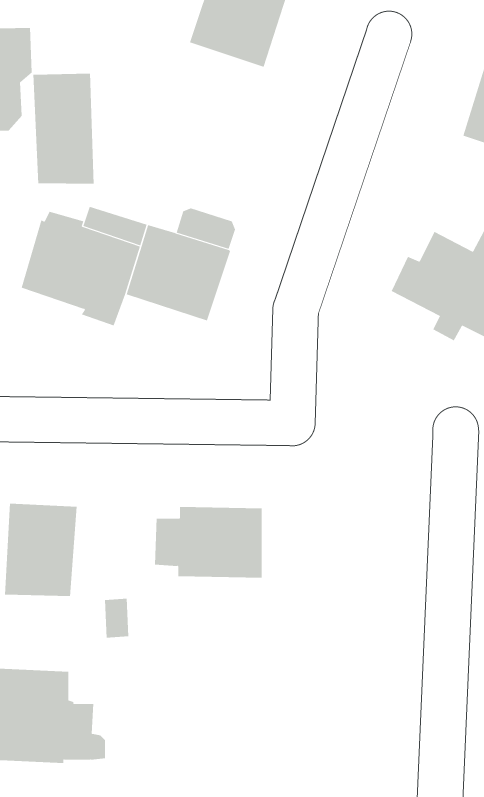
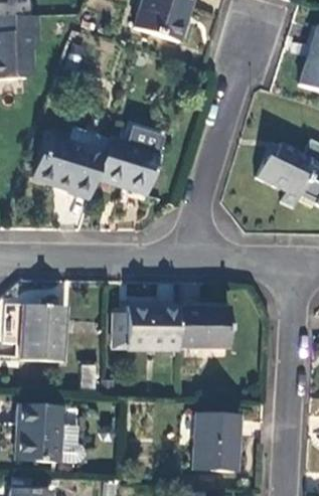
building: [33,73,94,184] -> none
building: none -> [178,307,229,348]
building: none -> [192,412,238,470]

